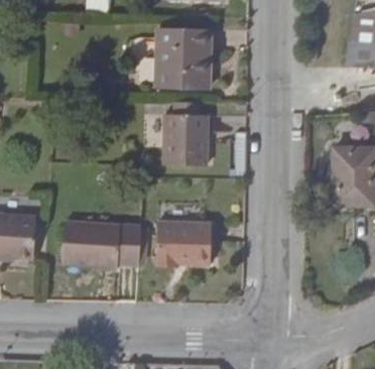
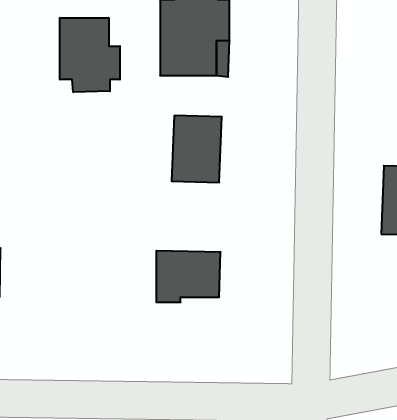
building: none -> [60,18,120,92]
building: [60,223,139,264] -> none

